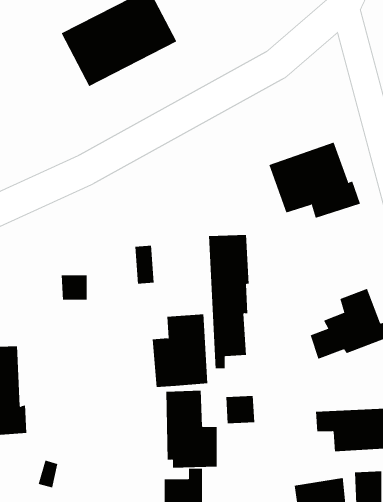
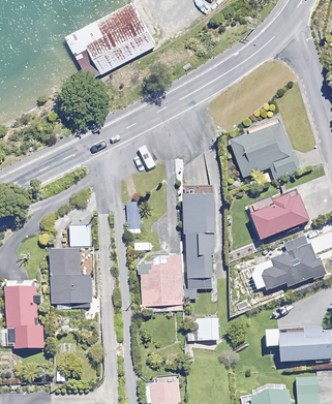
building: none -> [250,190,307,239]
building: [165,390,218,468] -> [50,248,90,308]

